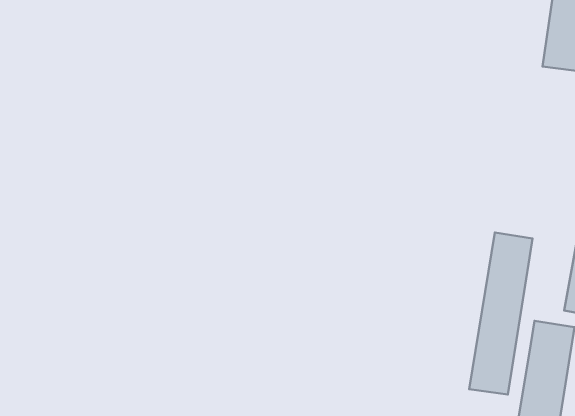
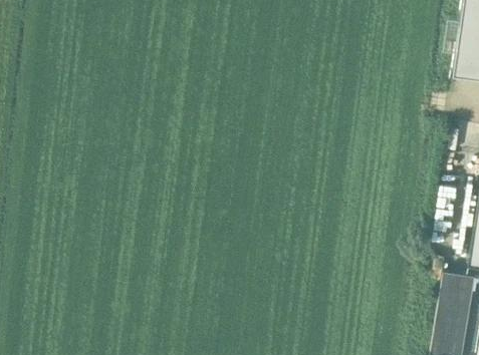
building: [469,232,532,395] -> none

